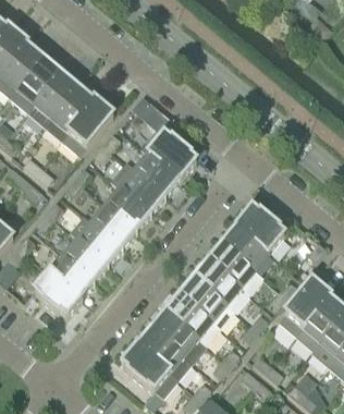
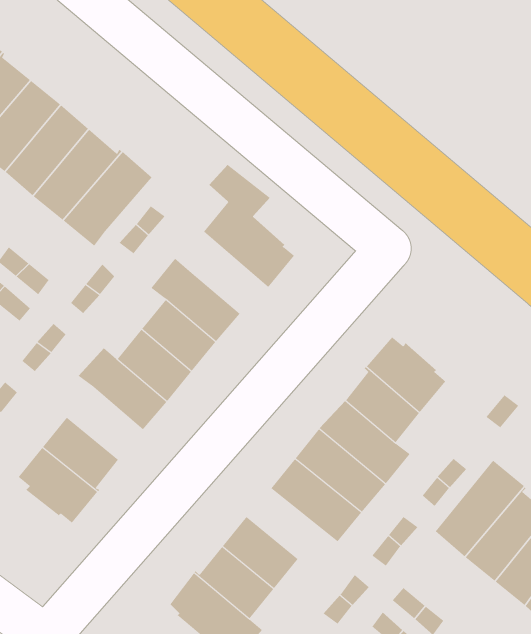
building: [134,146,180,194] -> none
building: [62,236,107,279] -> none
building: [167,295,220,344] -> none

